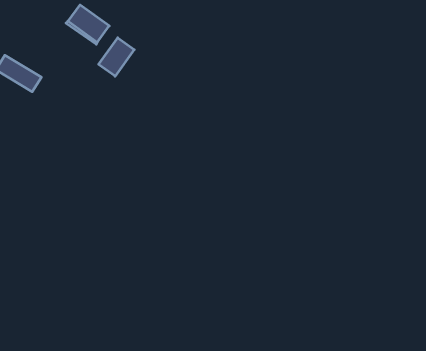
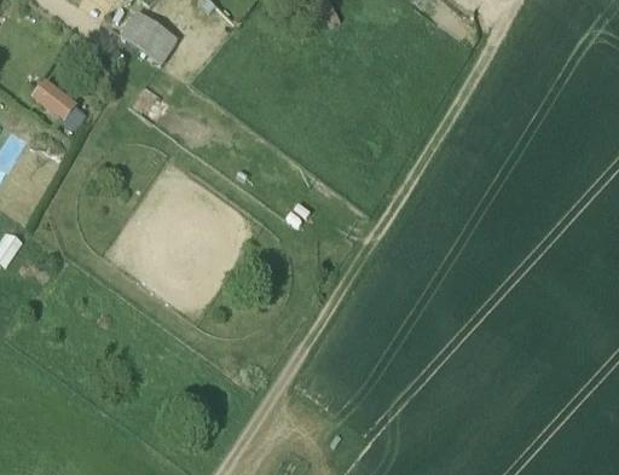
building: [99,38,134,76] -> none

